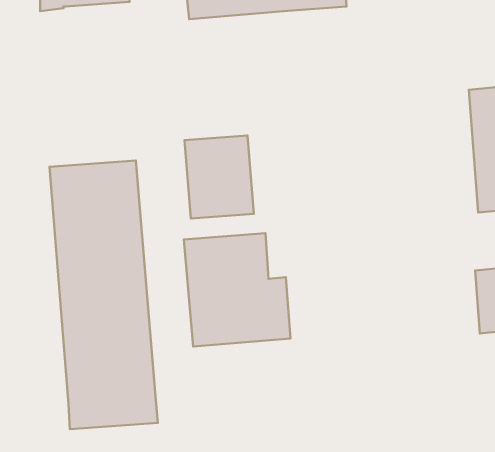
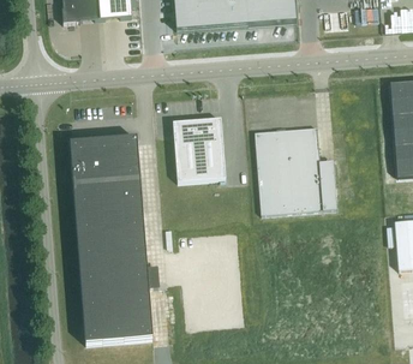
building: [184,233,291,346] -> [255,126,336,213]

